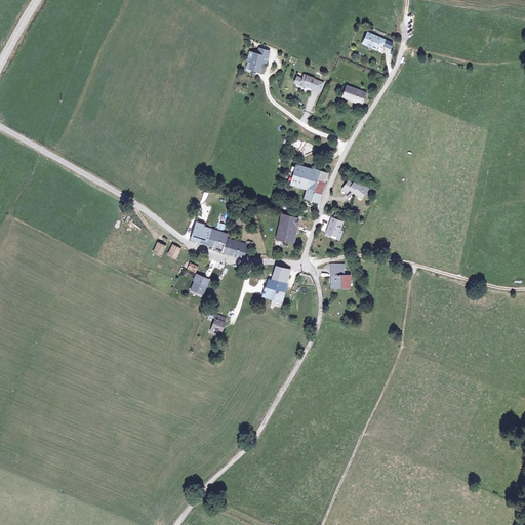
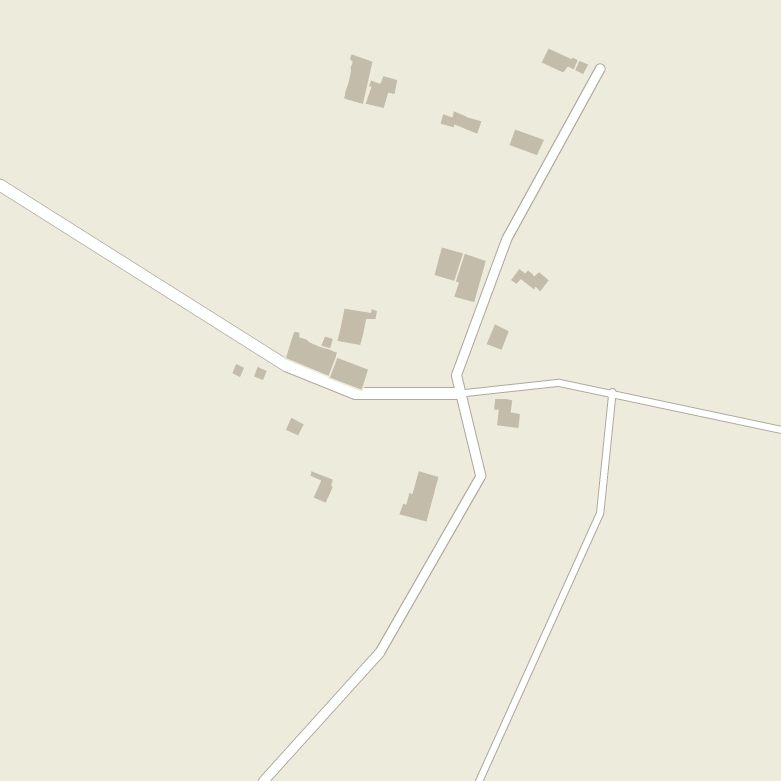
building: none -> [343,54,374,105]
building: [276,215,304,241] -> [336,308,378,346]
building: [262,266,290,300] -> [398,470,440,522]

